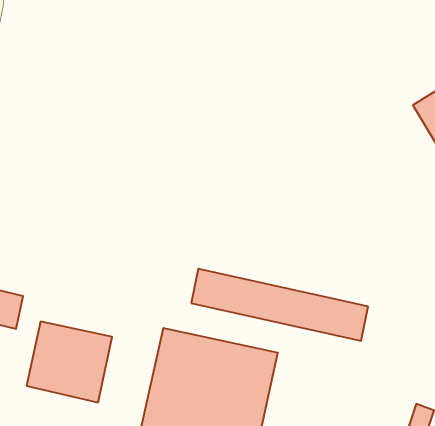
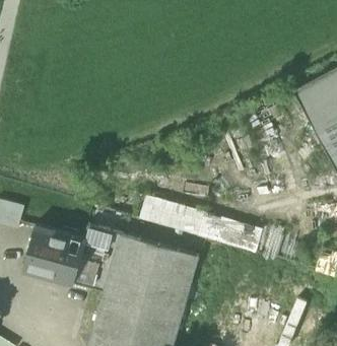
building: none -> [73,225,121,292]

